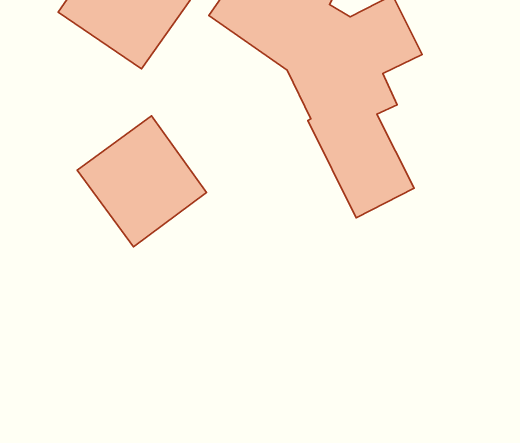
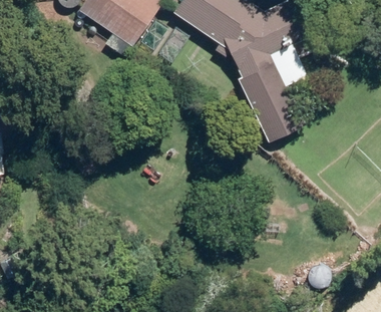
building: [77,116,206,247] -> none

